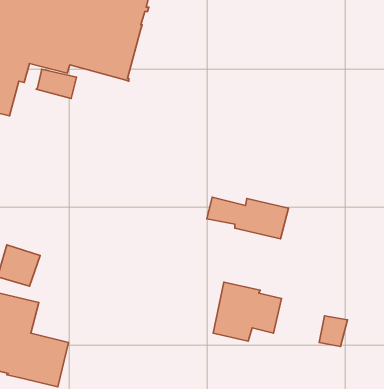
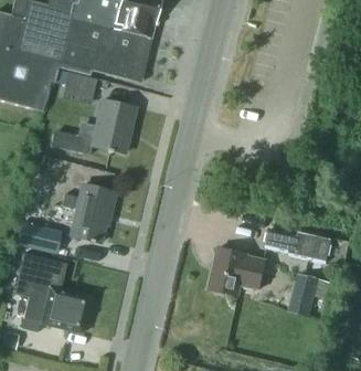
building: none -> [50,99,135,156]
building: [207,197,289,239] -> [266,229,333,263]
building: none -> [61,183,115,242]

